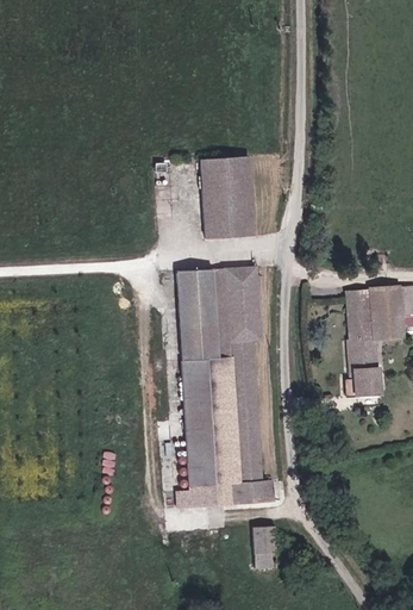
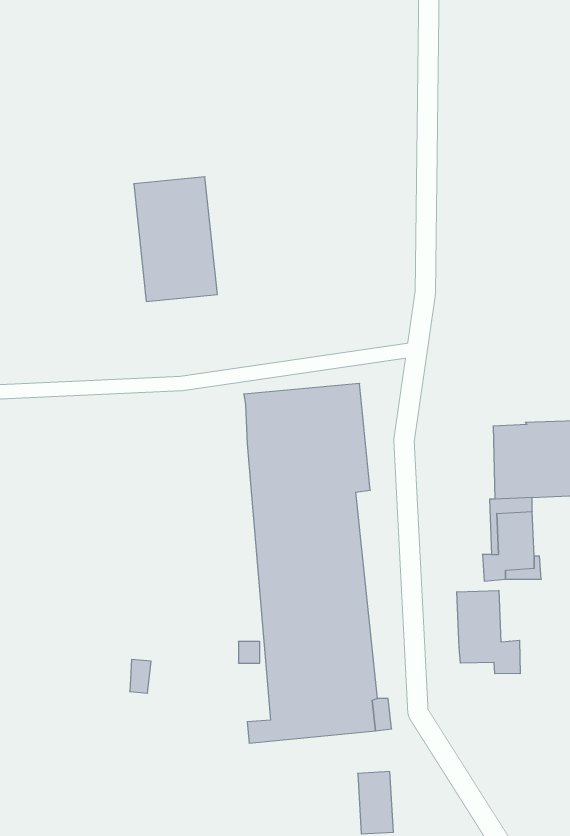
building: [202,155,258,238] -> [134,177,217,301]
building: none -> [457,590,520,674]

